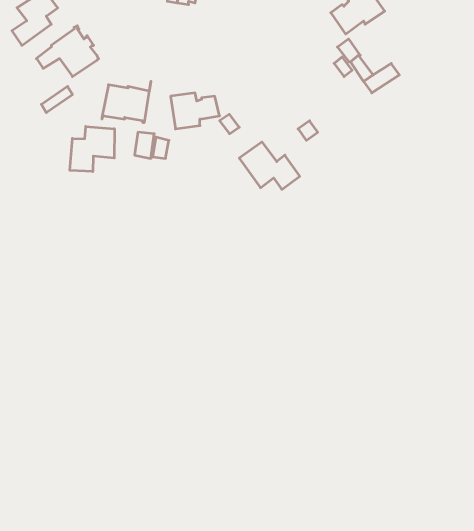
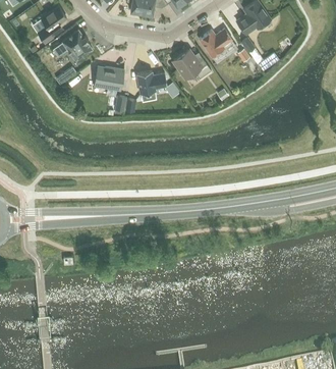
building: none -> [199,29,231,56]
building: [70,126,114,172] -> none
building: [239,142,300,189] -> [173,49,211,78]

